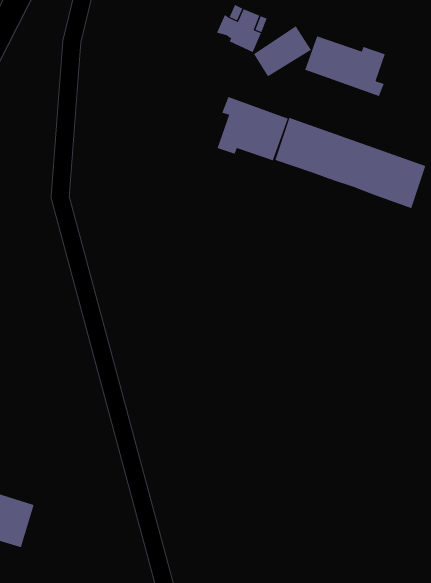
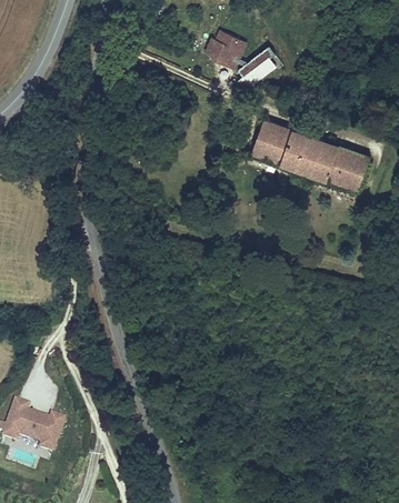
building: [305,35,386,97] -> none
building: [217,96,289,161] -> none

